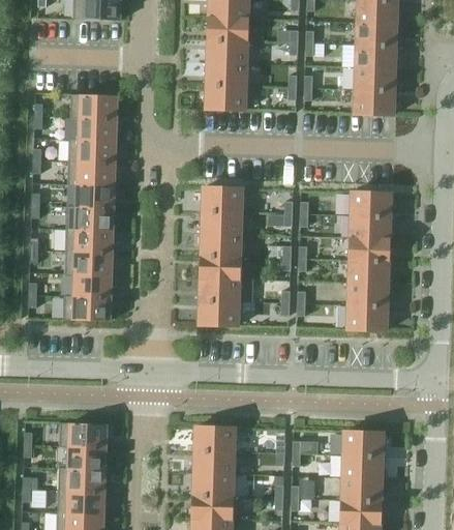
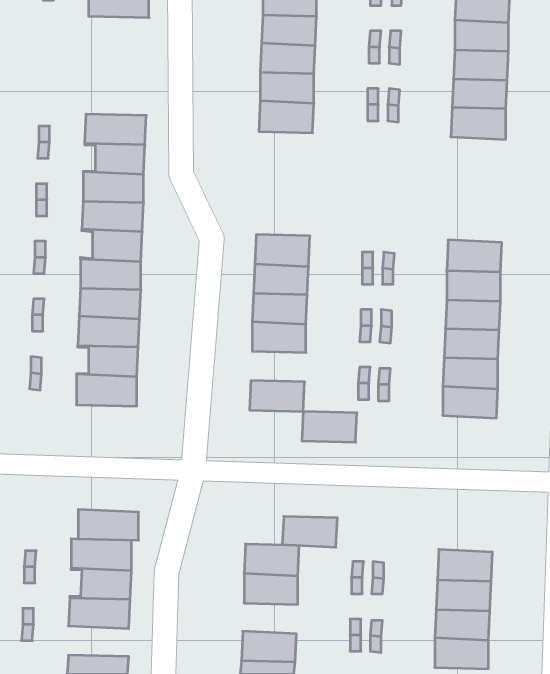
building: [199,278,241,302] -> [302,411,357,442]
building: [192,473,235,497] -> [282,516,337,547]
building: [58,491,104,514] -> [78,509,139,540]

